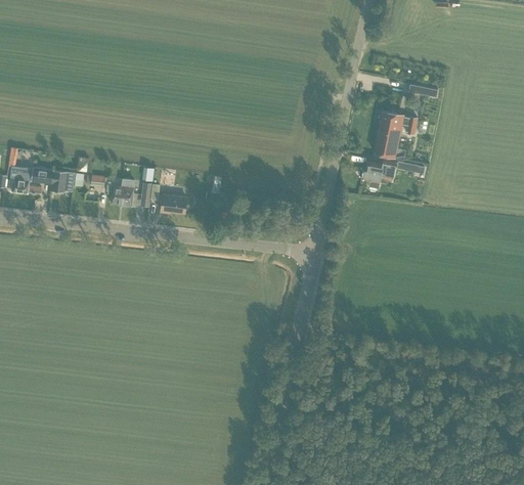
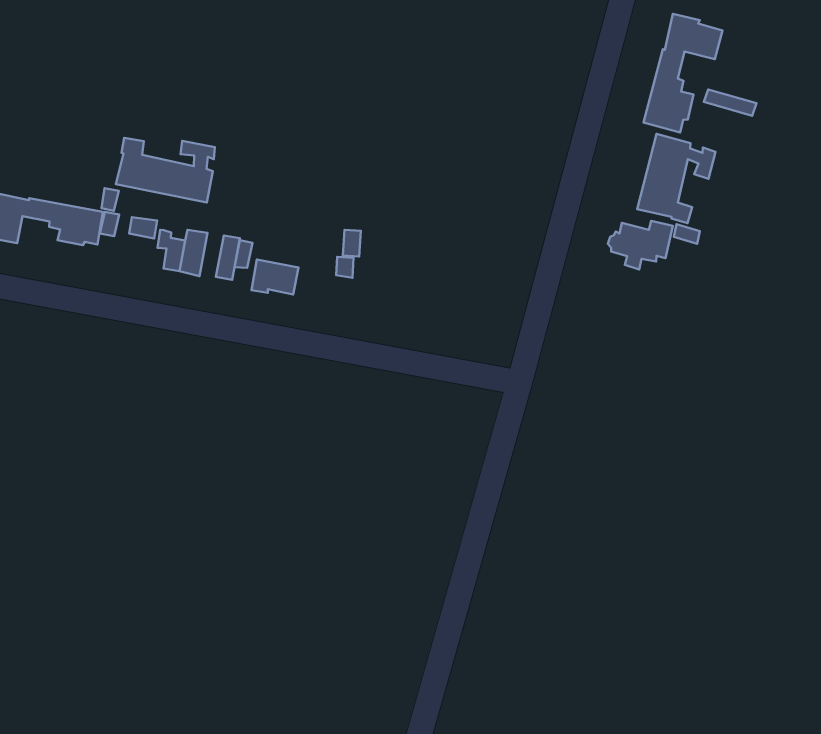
building: none -> [644,14,722,132]
building: none -> [116,138,215,202]

